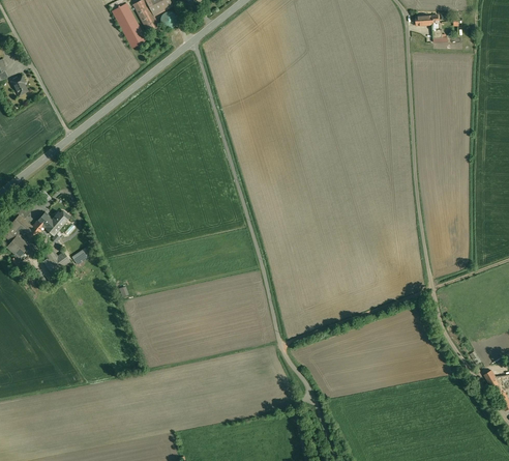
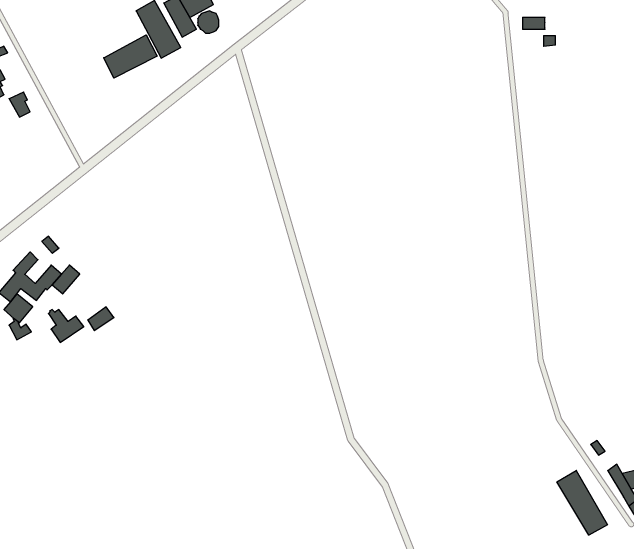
building: none -> [104,35,157,78]
building: none -> [557,470,607,535]

